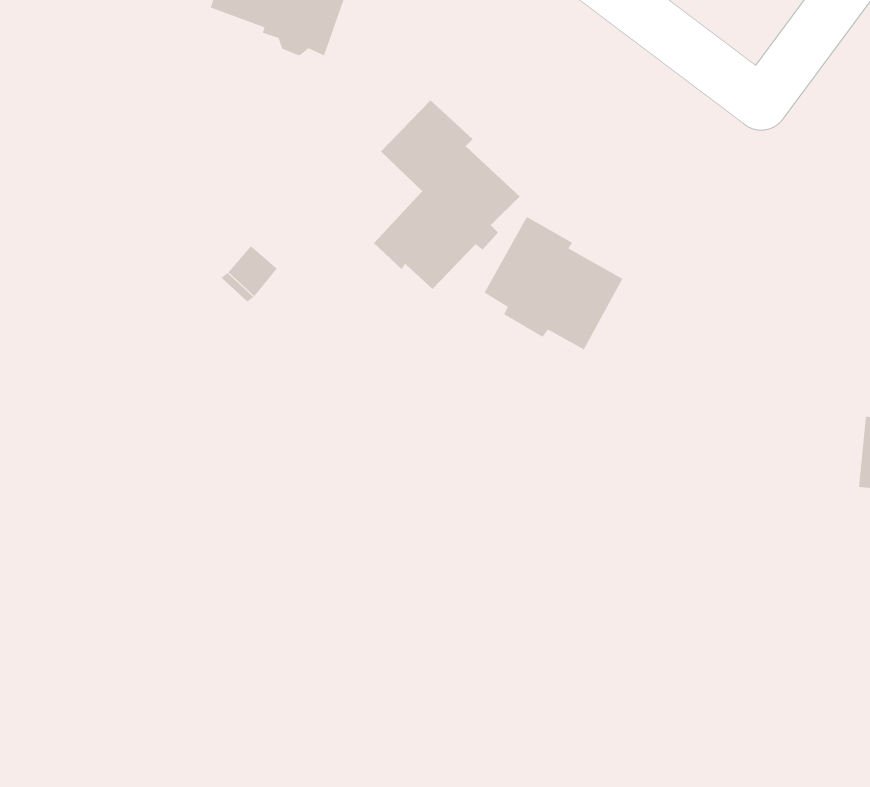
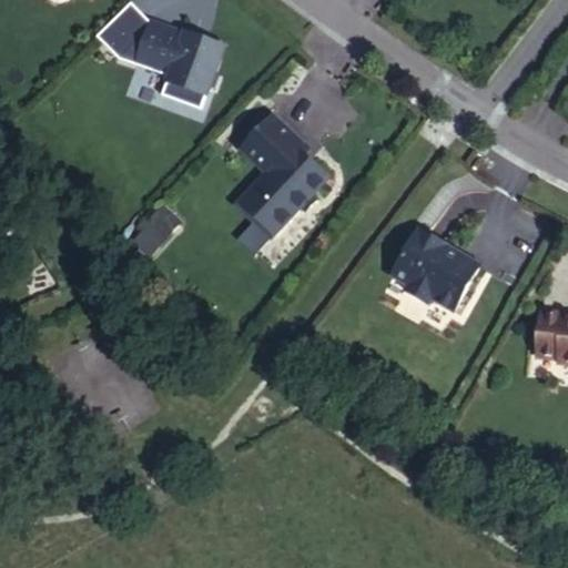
building: [483,216,624,350] -> [390,227,477,311]

